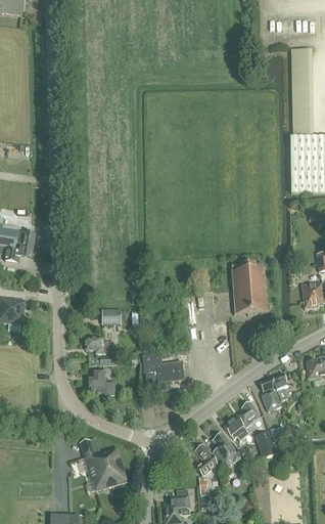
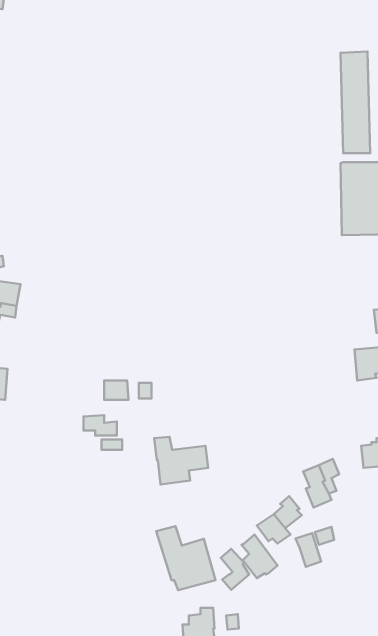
building: [229,261,268,313] -> none
building: [87,368,114,395] -> none
building: [79,437,126,488] -> [156,526,215,590]

